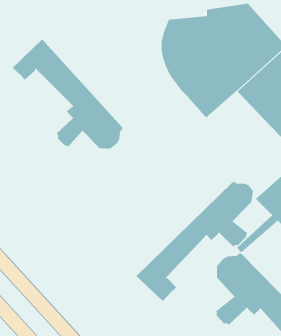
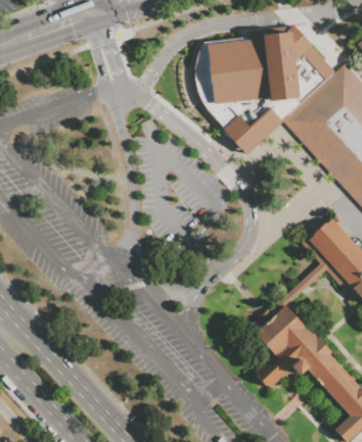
building: [12,39,124,150] -> none
building: [136,181,254,302] -> none

